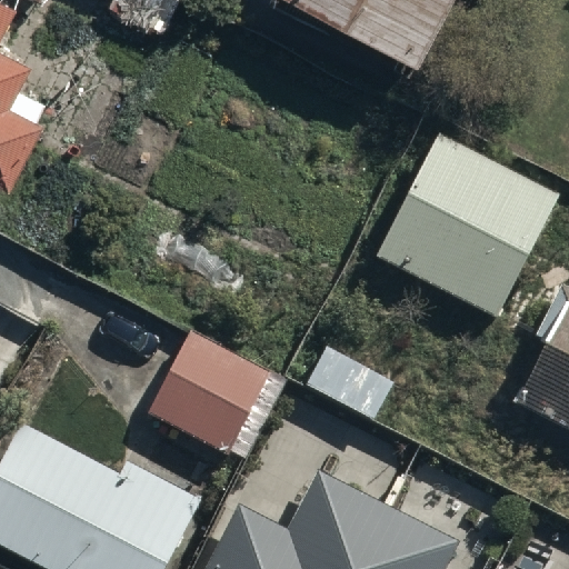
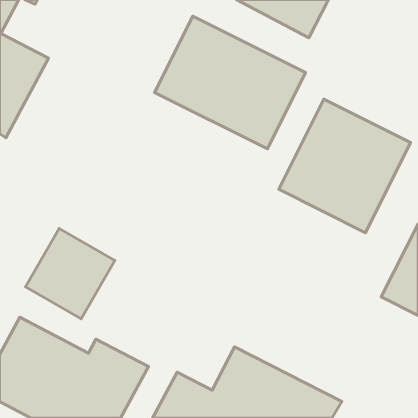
building: none -> [155,16,306,149]
building: [150,335,271,457] -> [26,229,115,319]

